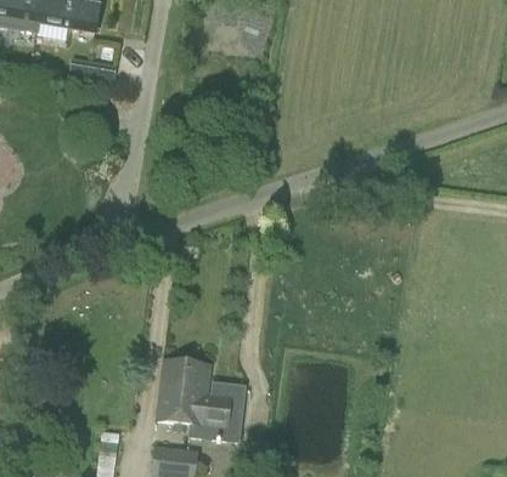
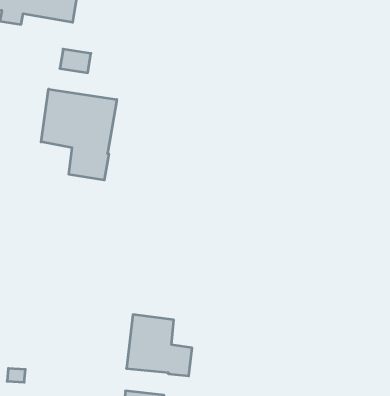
building: none -> [41,89,117,180]

